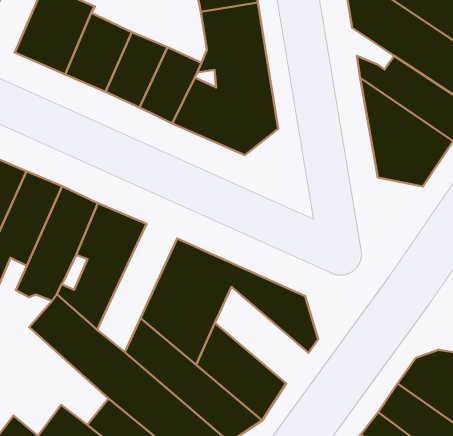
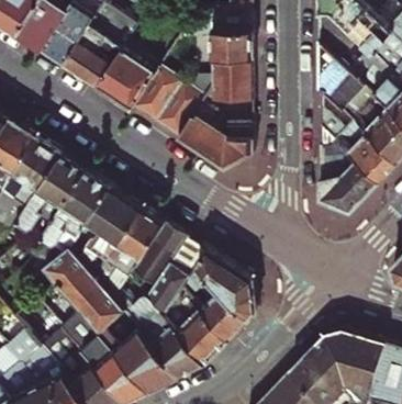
building: none -> [96,207,165,299]
building: none -> [182,263,247,340]

